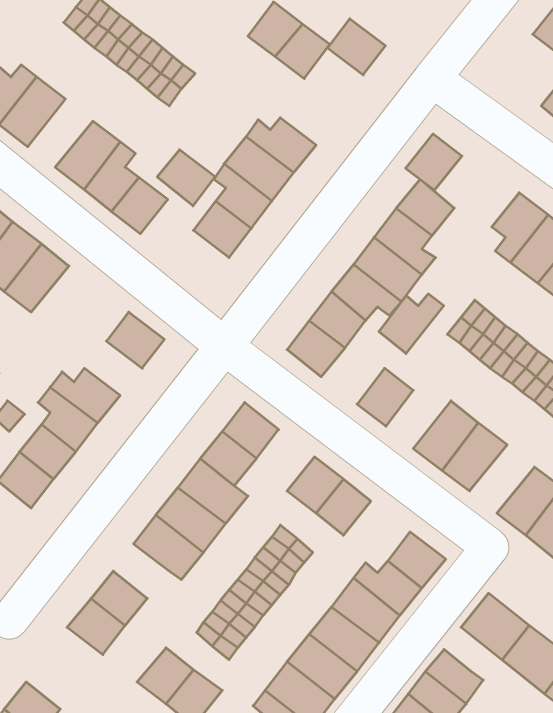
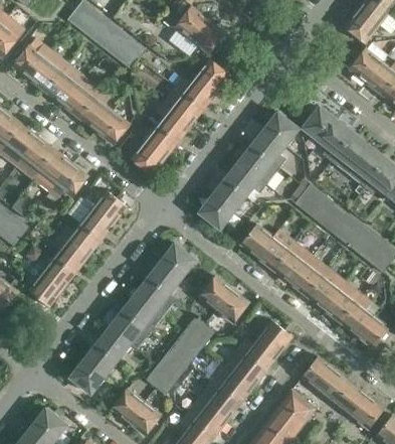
building: [327,19,385,75] -> [195,58,229,92]
building: none -> [46,64,84,105]
building: [406,134,462,190] -> [303,107,336,140]
building: [157,150,215,206] -> [131,142,165,175]
building: none -> [48,163,87,197]
building: [379,294,444,354] -> [257,236,295,271]
building: none -> [79,207,114,240]
building: none -> [307,269,345,309]
building: none -> [96,327,130,359]

